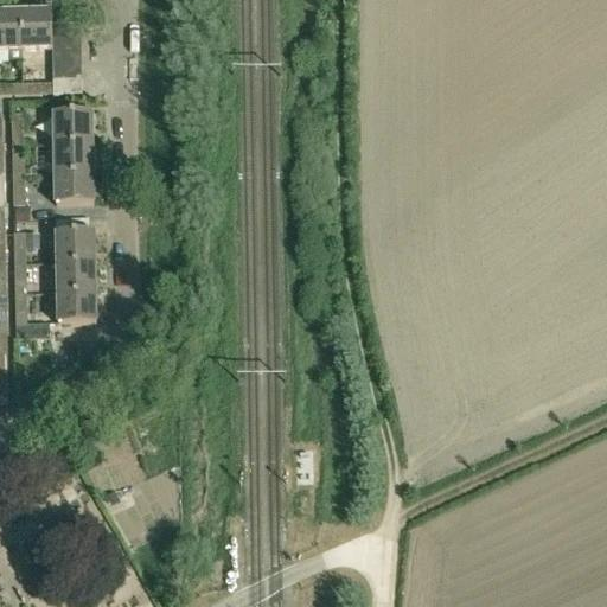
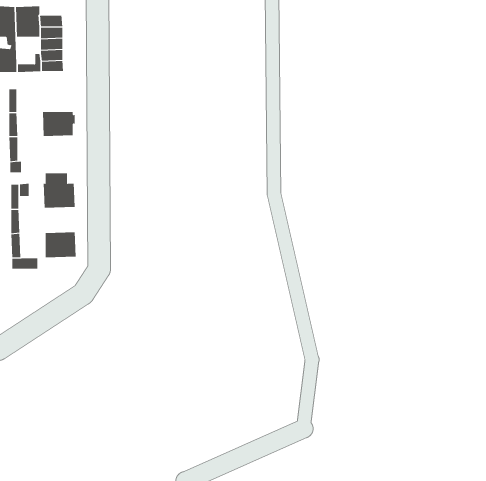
building: [52,108,91,139] -> none
building: [53,168,95,200] -> none
building: [55,257,94,289] -> none

